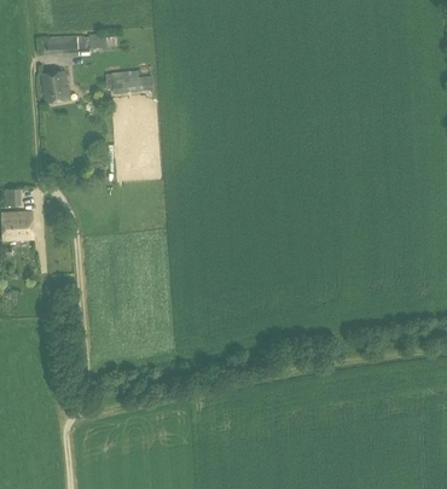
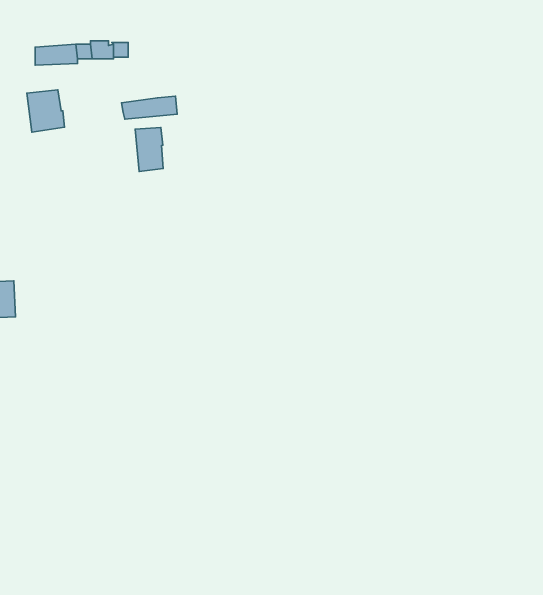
building: none -> [135,127,163,172]

